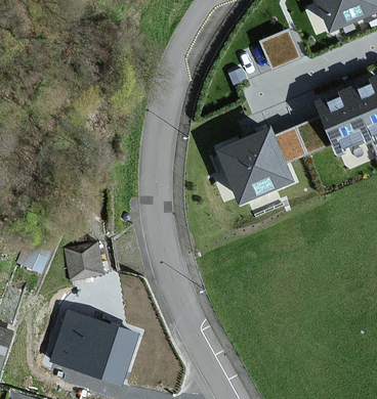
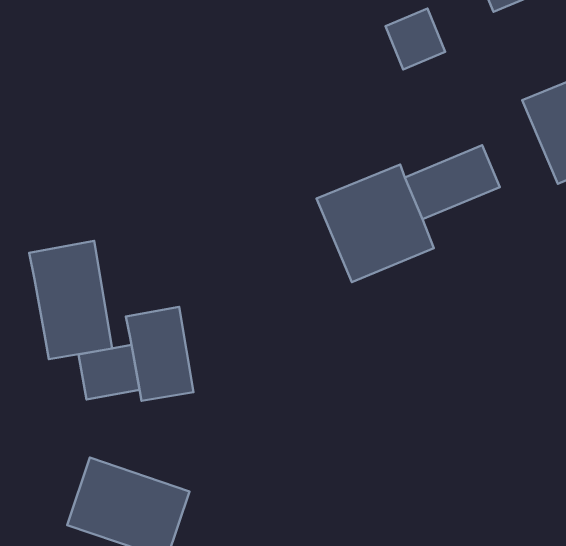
building: [315,88,369,154] -> none
building: none -> [29,241,112,359]
building: none -> [126,307,193,401]

